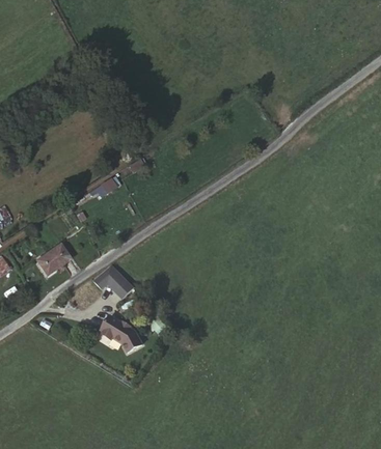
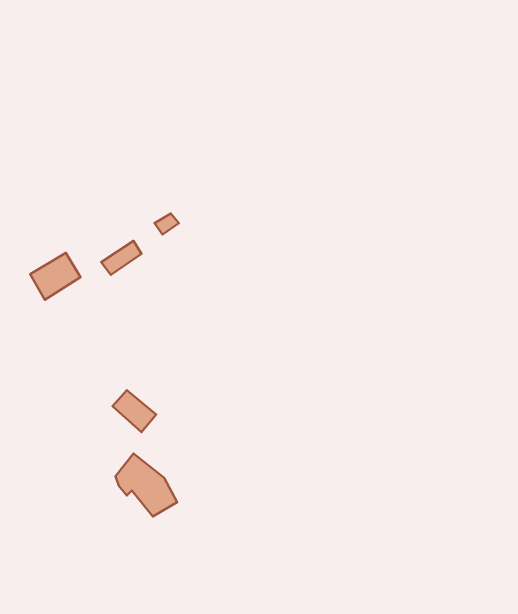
building: [35,244,67,274] -> [30,253,80,300]

